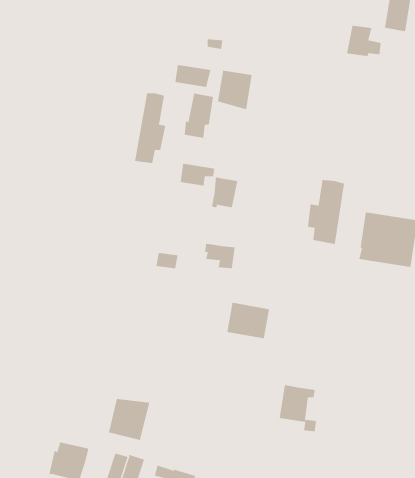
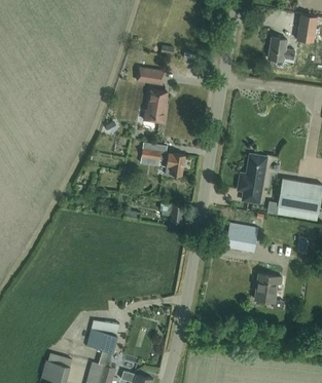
building: [217,70,252,110] -> none
building: [135,92,166,164] -> none
building: [226,302,270,339] -> [225,223,258,251]
building: [279,384,317,432] -> [254,273,283,309]

